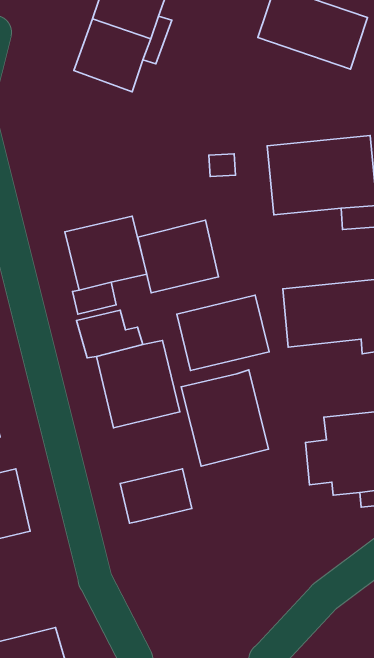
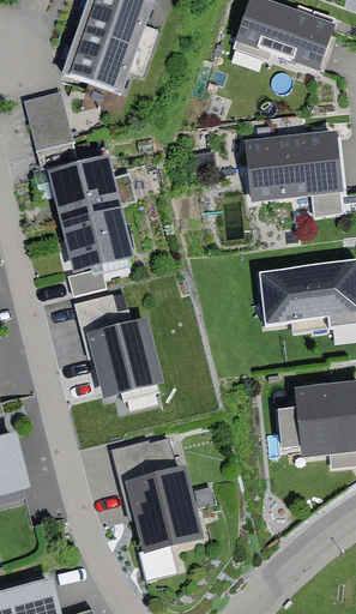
building: none -> [22,86,72,145]
building: [138,220,219,293] -> [48,154,121,219]
building: [177,295,269,371] -> none
building: [181,370,269,466] -> [125,466,204,554]

